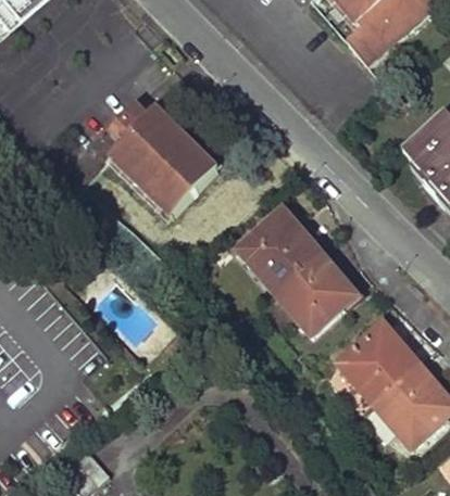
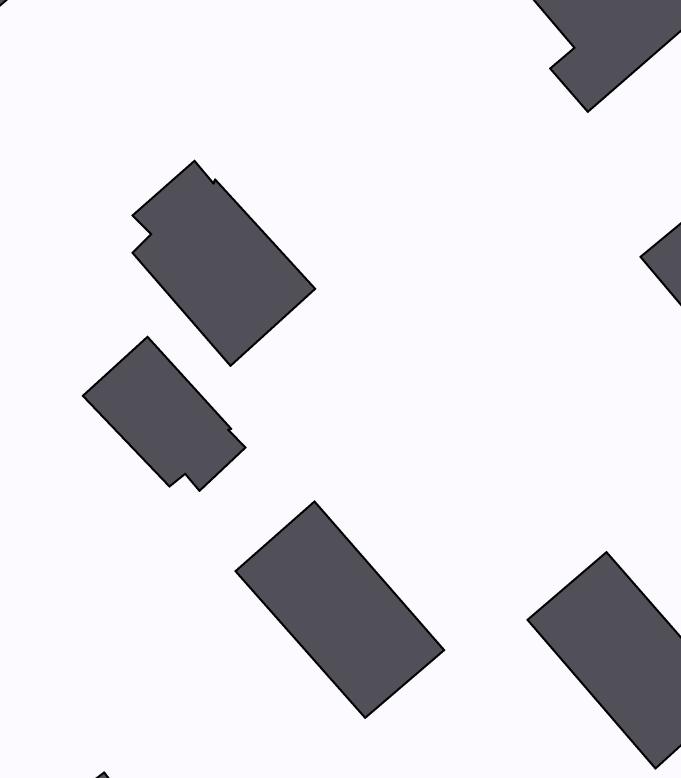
building: none -> [83,337,245,491]
building: [234,207,354,332] -> [235,502,444,718]

